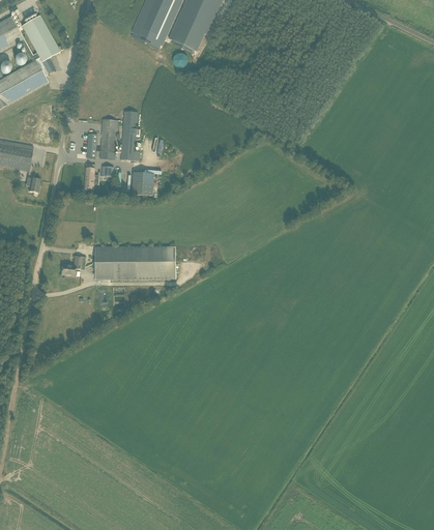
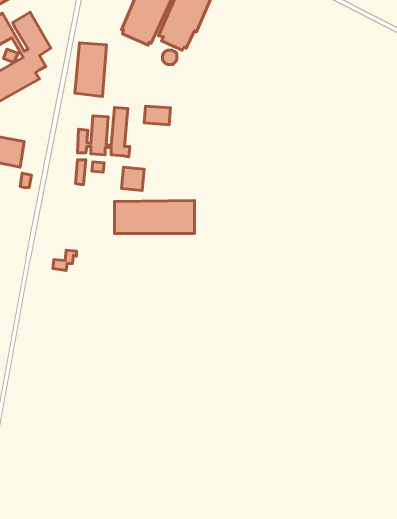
building: none -> [75,43,107,97]
building: none -> [144,106,170,125]
building: [94,245,175,278] -> [114,201,194,233]

